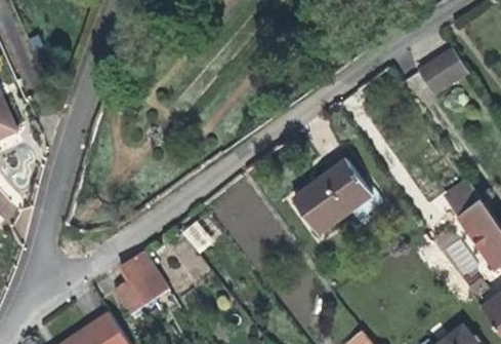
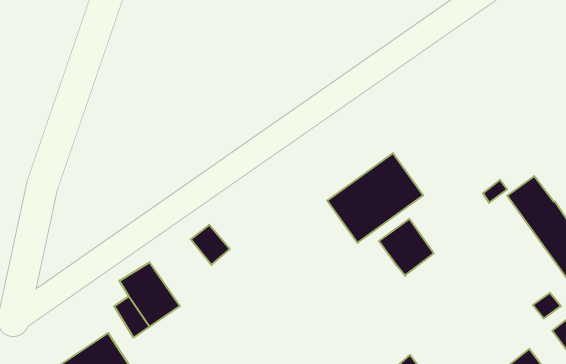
building: [417,47,468,94] -> none
building: none -> [379,219,434,276]

